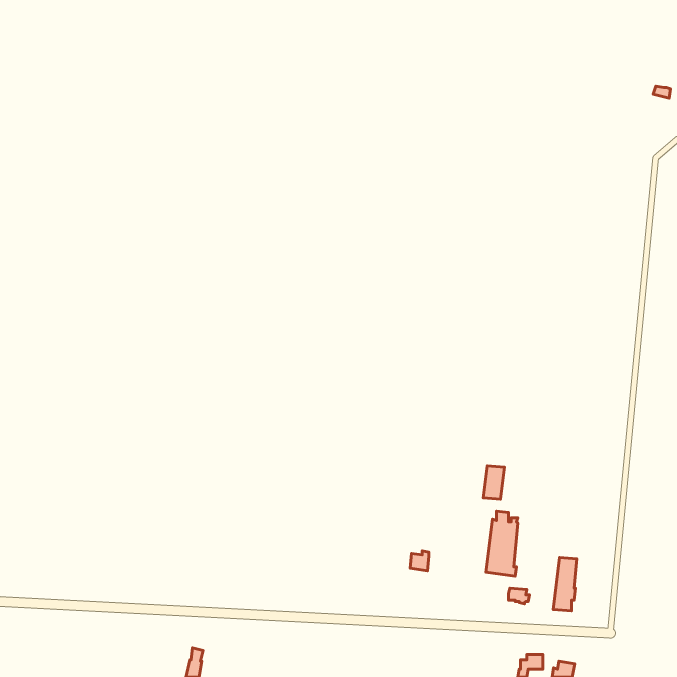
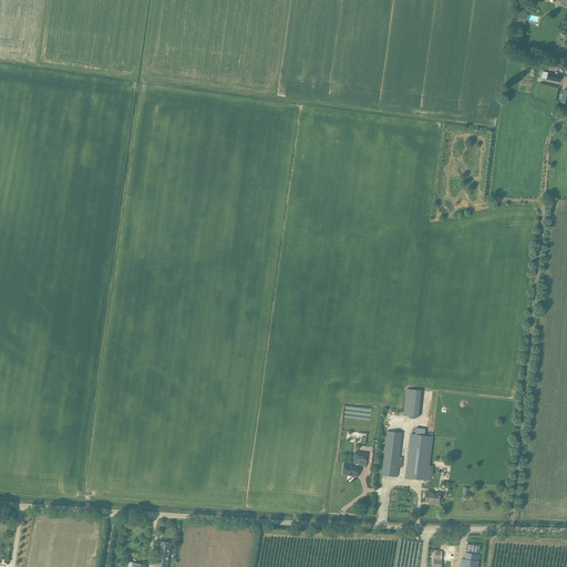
building: [553,558,577,611] -> [382,431,402,475]

